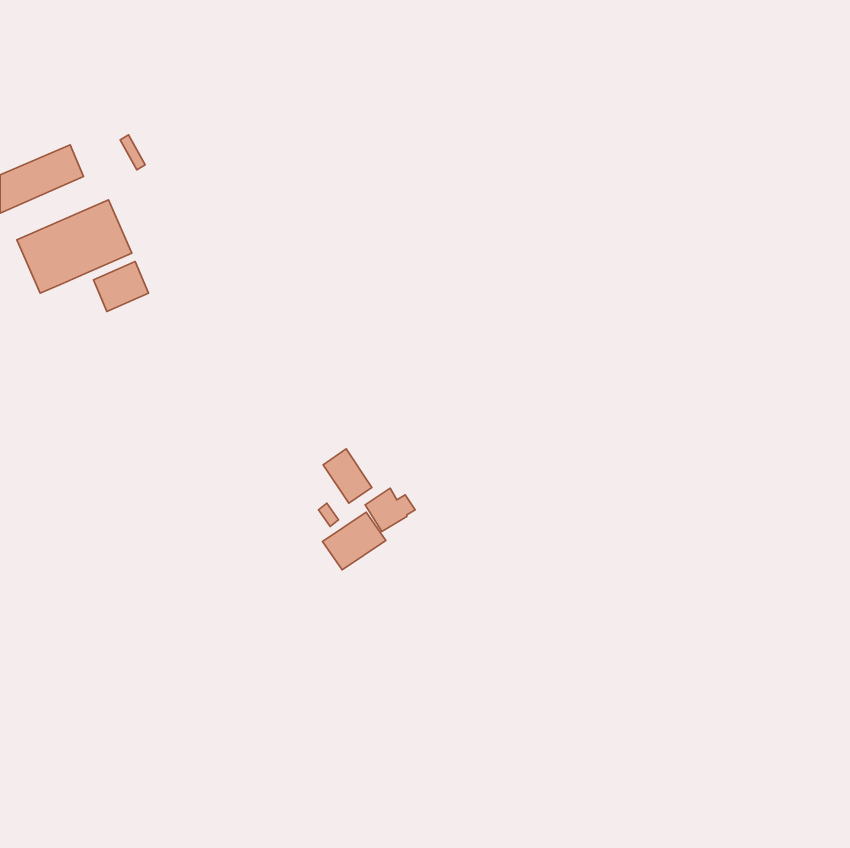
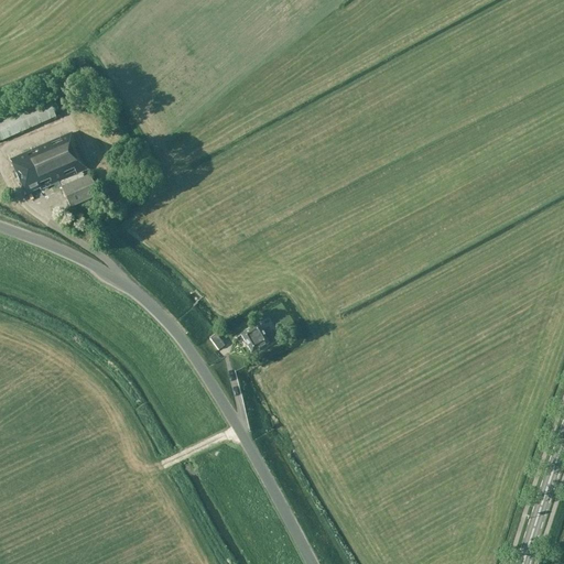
building: [323,449,372,503] -> none
building: [323,512,386,570] -> none

